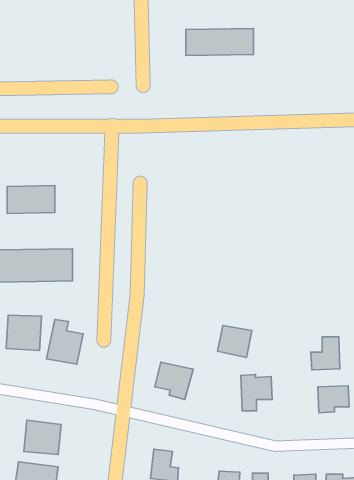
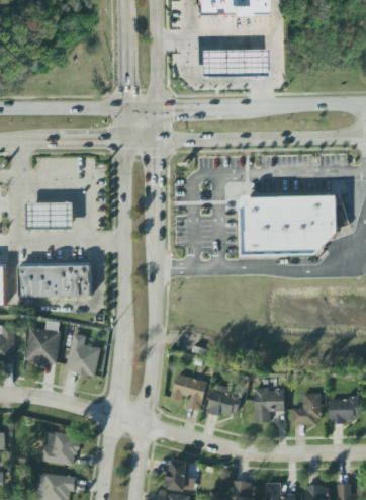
building: none -> [239,195,337,255]
building: [218,325,252,358] -> [207,386,241,417]
building: [311,337,340,370] -> [291,393,319,425]

